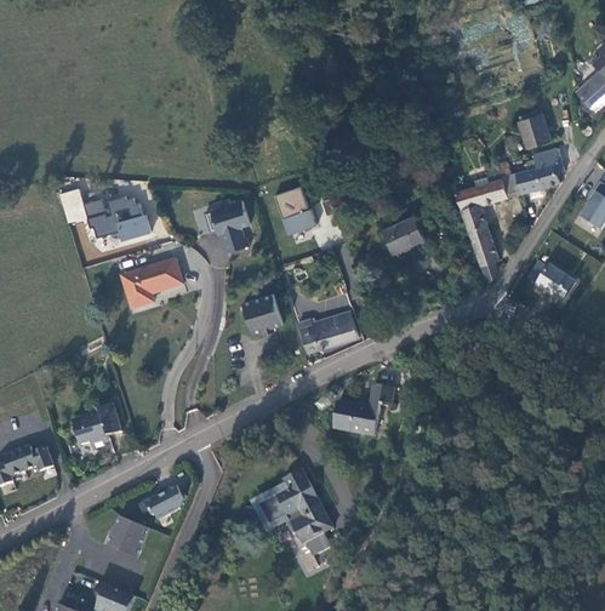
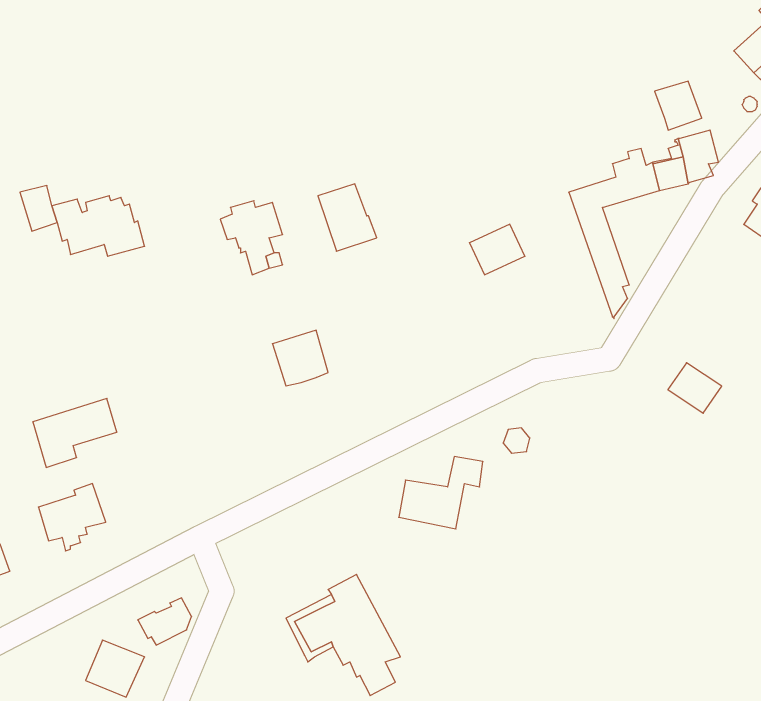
building: [121,258,182,308] -> [33,398,117,467]
building: [536,264,575,301] -> [668,363,722,413]
building: [297,309,356,353] -> none

